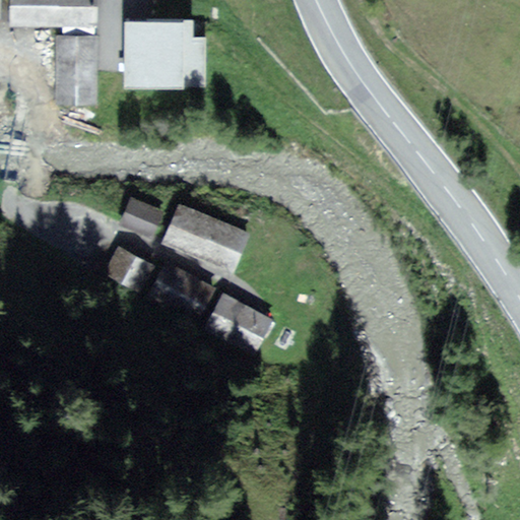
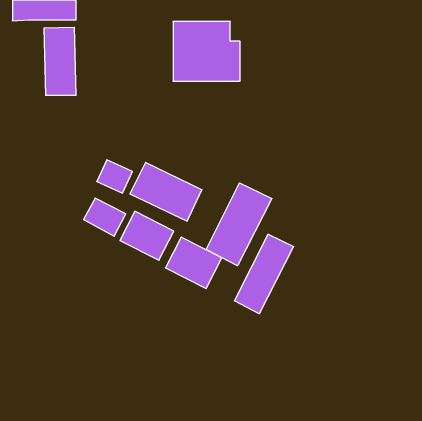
building: [123,12,205,85] -> [173,21,240,81]
building: none -> [206,183,272,266]
building: none -> [234,234,294,314]

